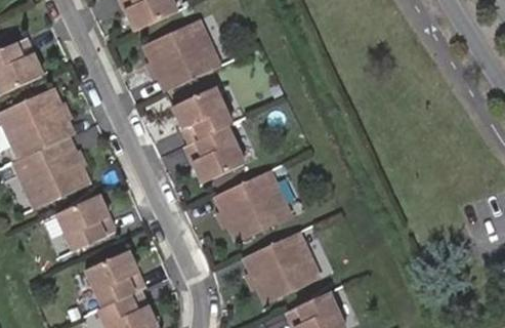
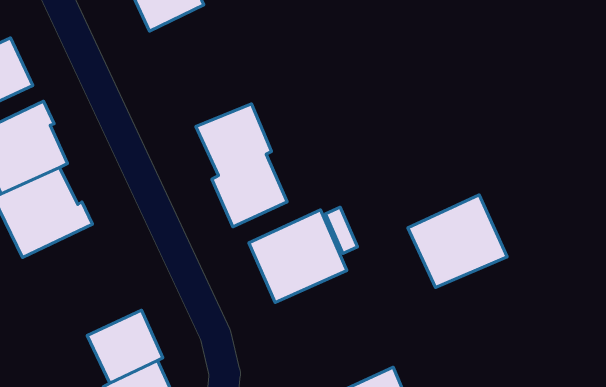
building: [143,22,219,93] -> none
building: [57,194,117,250] -> none
building: [240,233,317,304] -> [408,195,507,287]

